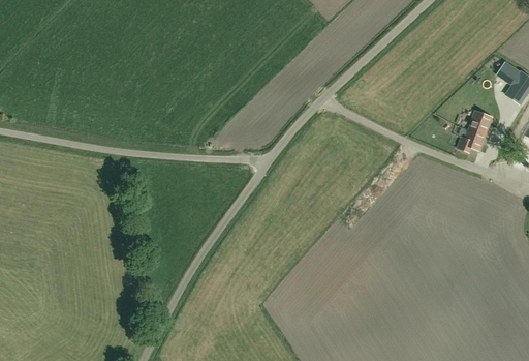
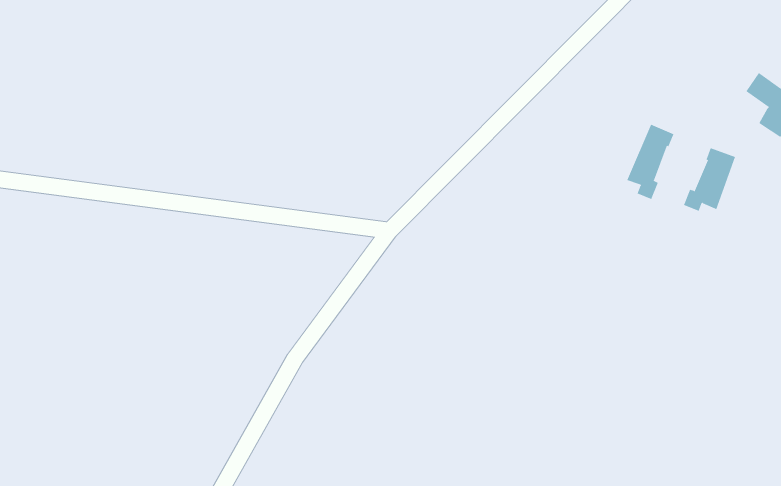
building: none -> [626,124,674,200]

